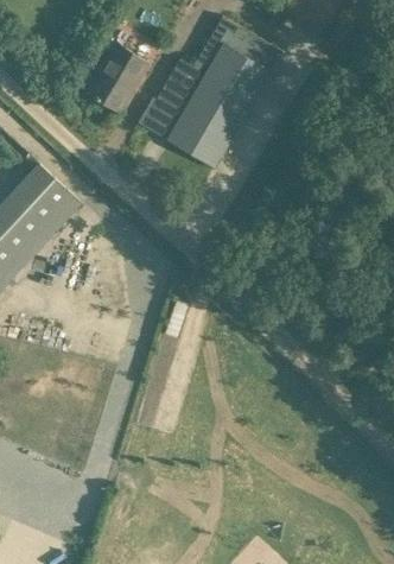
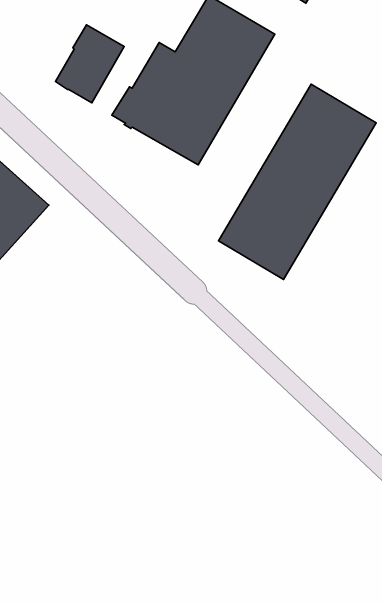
building: none -> [219,84,376,279]

